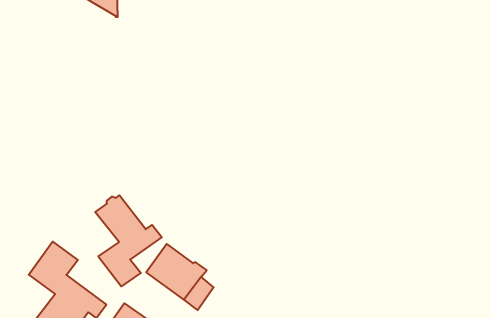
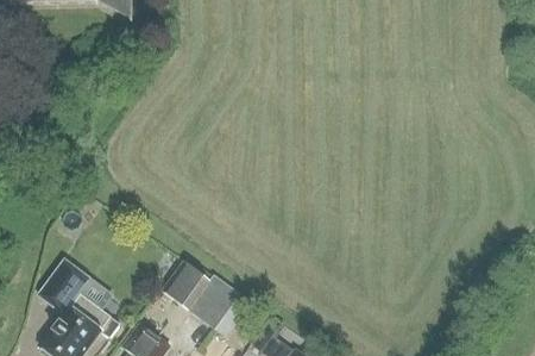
building: [95,195,162,286] -> none

